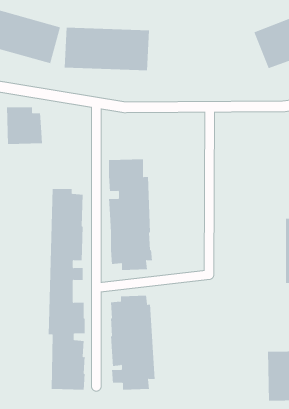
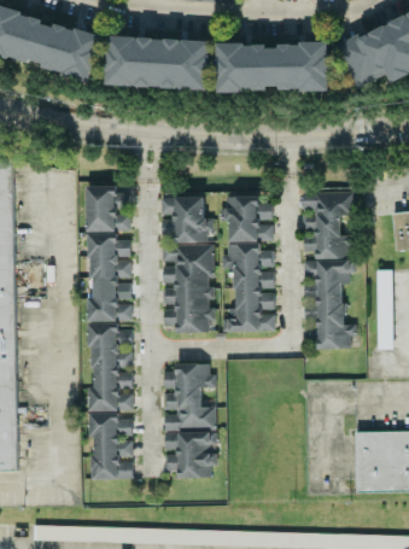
building: none -> [217,43,329,90]
building: [6,107,43,144] -> [86,186,130,232]
building: none -> [302,189,355,350]
building: none -> [221,195,275,333]

